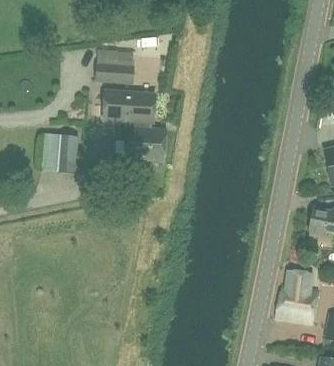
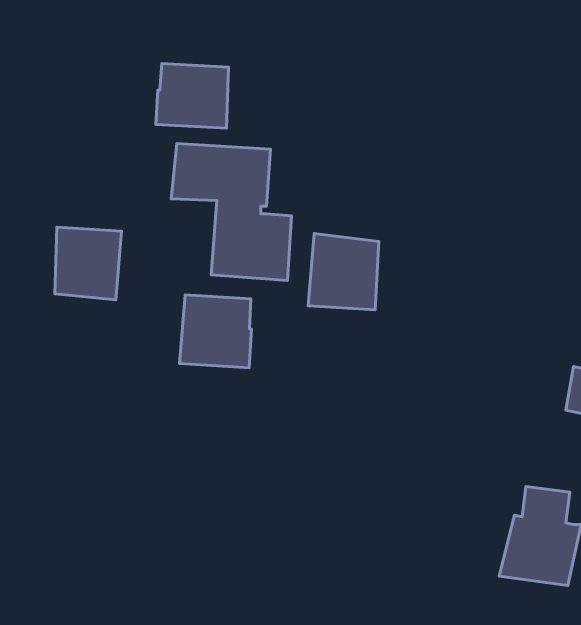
building: none -> [308,234,379,310]
building: none -> [180,295,251,368]

